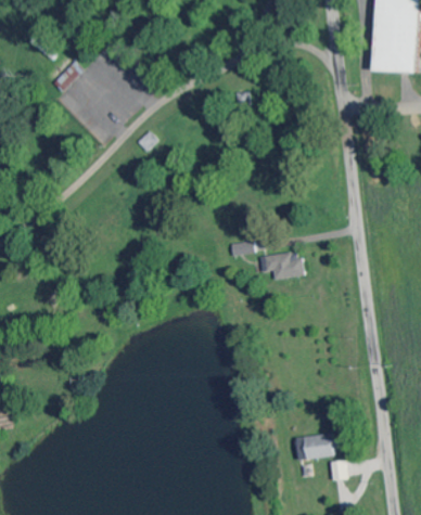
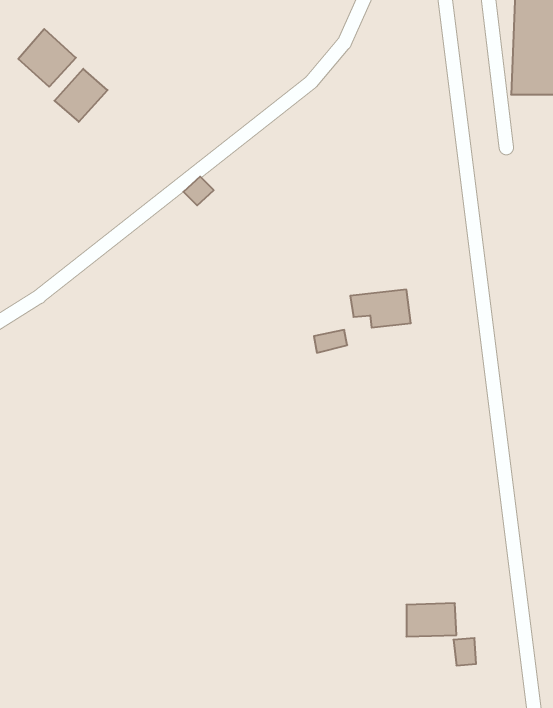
building: none -> [18,29,76,87]
building: [260,252,304,279] -> [350,290,411,328]

